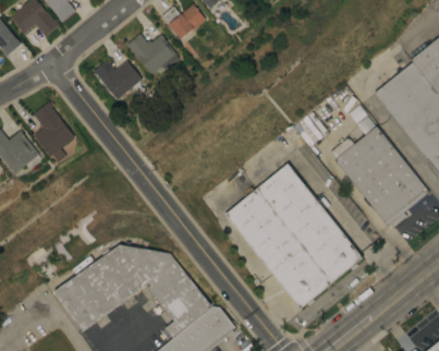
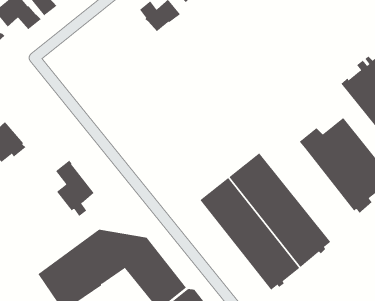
building: [125,32,179,73] -> none
building: [93,59,142,98] -> none
building: [34,102,75,162] -> [55,160,95,217]

